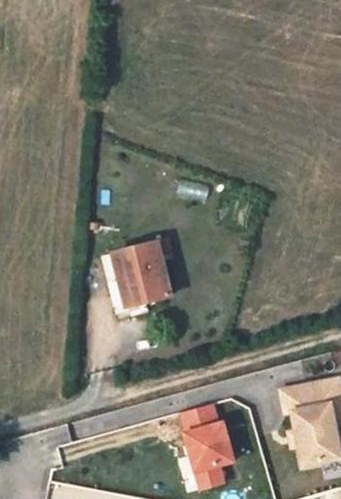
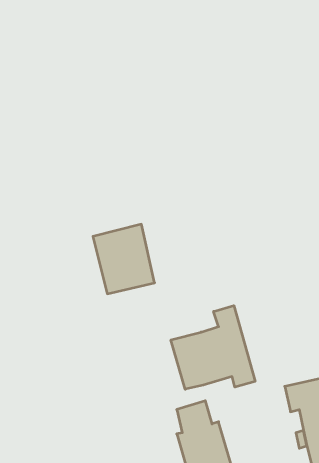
building: none -> [171,306,255,389]

